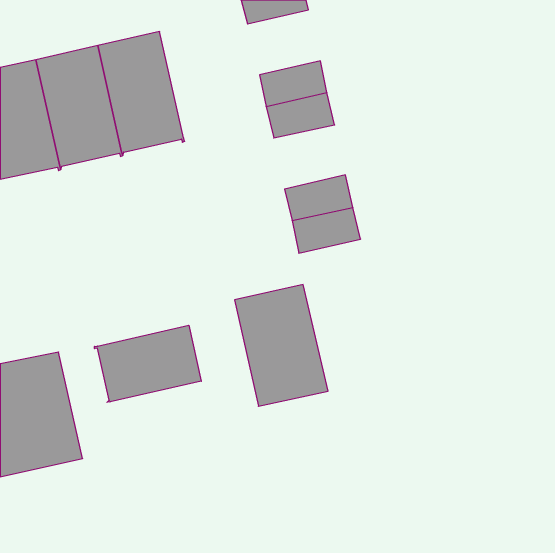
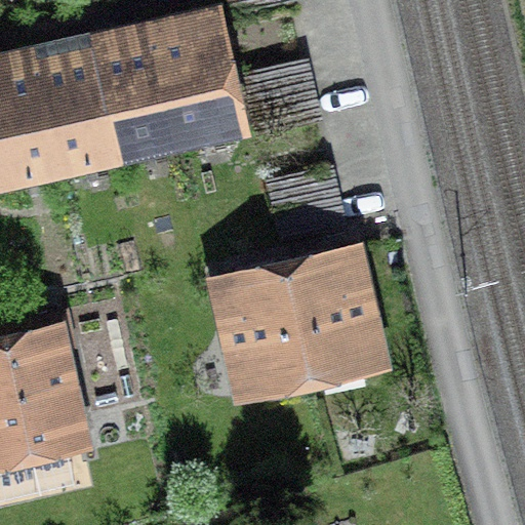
building: none -> [151,15,235,135]
building: none -> [286,256,375,371]
building: [95,325,201,402] -> none

